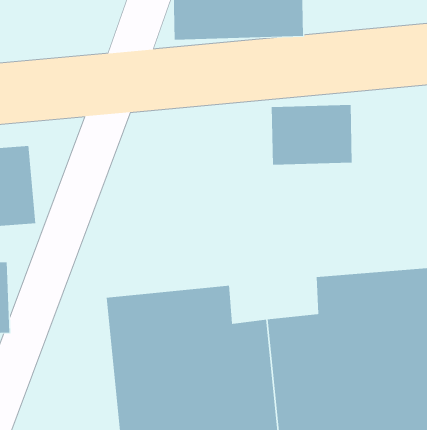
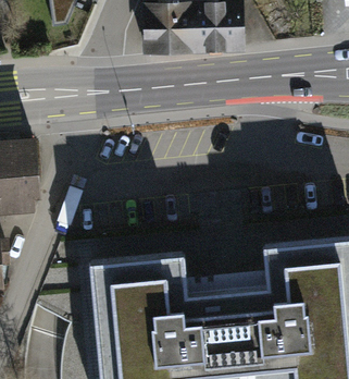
building: [271,104,352,166] -> none

